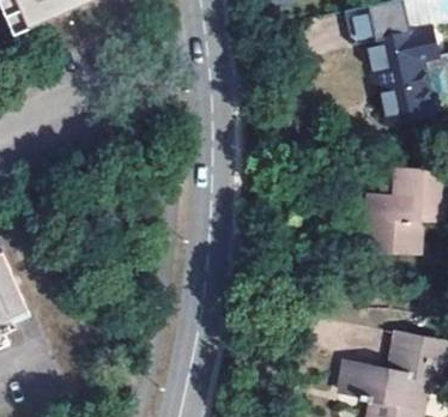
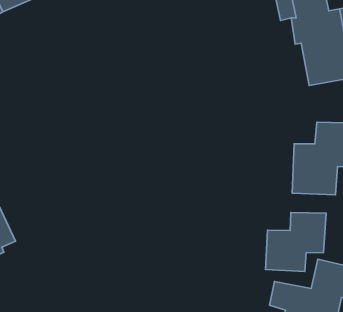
building: none -> [266,212,326,272]

